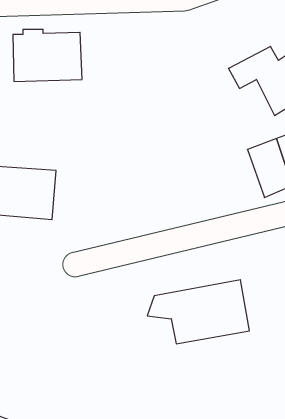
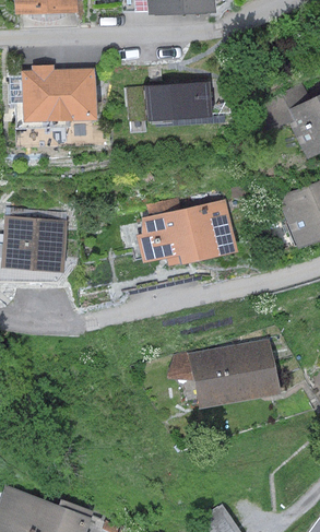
building: none -> [127,81,230,125]
building: none -> [137,200,237,267]

